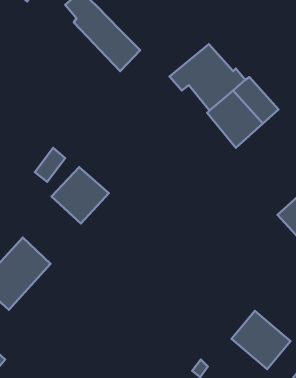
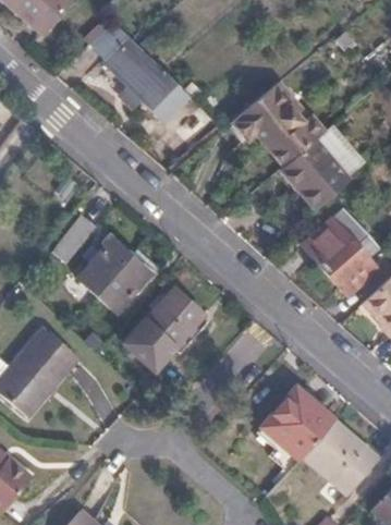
building: none -> [301,205,376,293]
building: none -> [126,289,211,376]
building: none -> [259,389,334,466]

